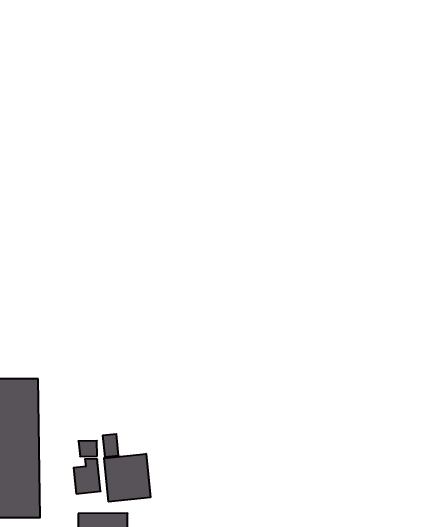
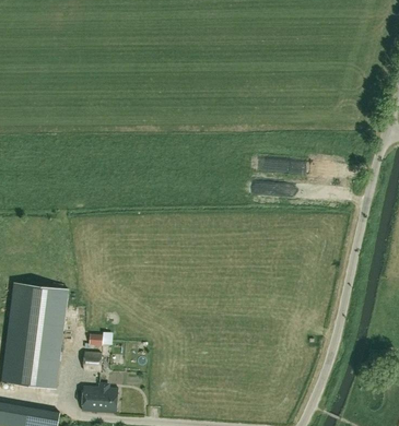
building: [104,454,150,502] -> none

